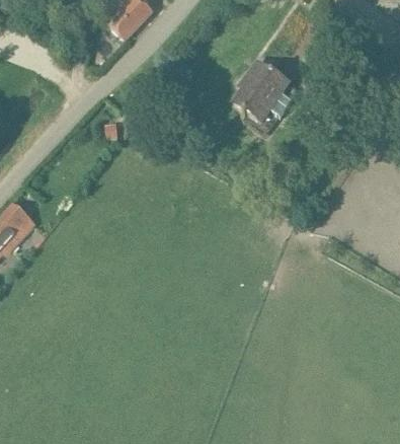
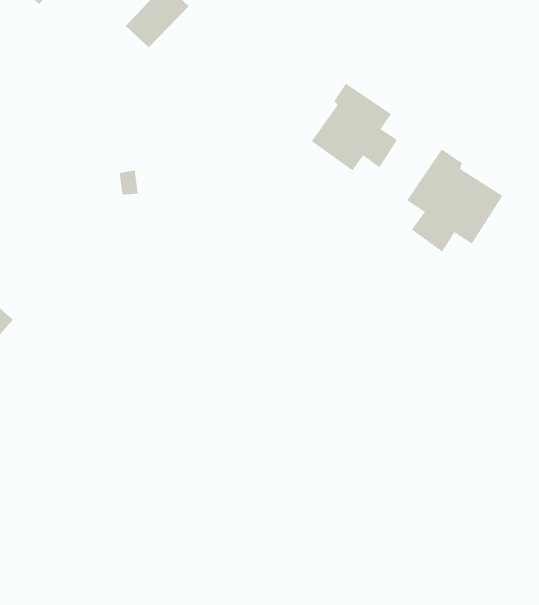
building: none -> [406,148,503,252]

